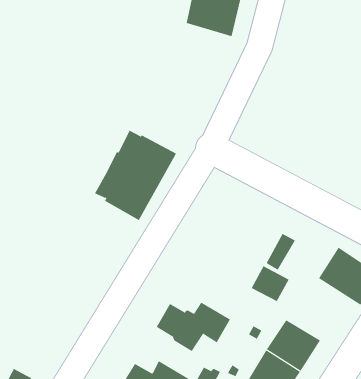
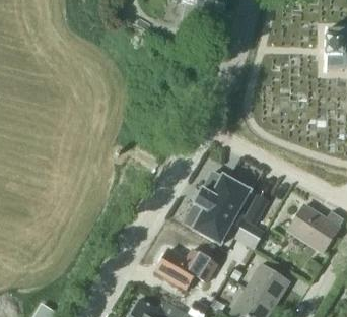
building: [94,130,177,221] -> [185,170,252,244]

